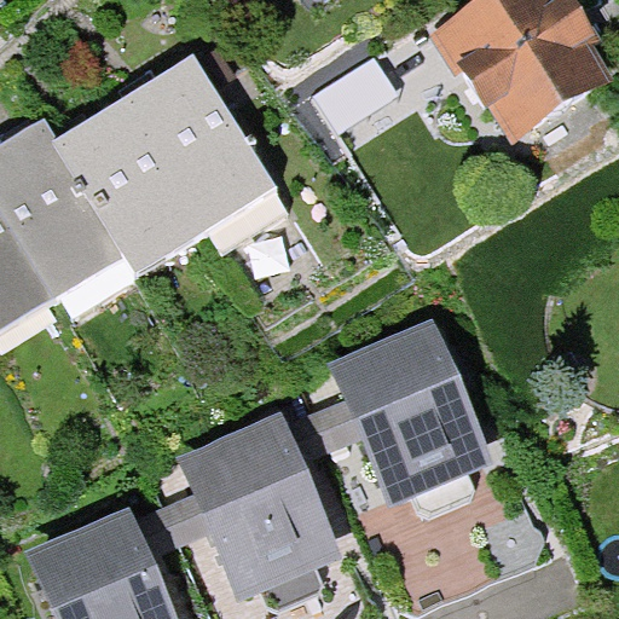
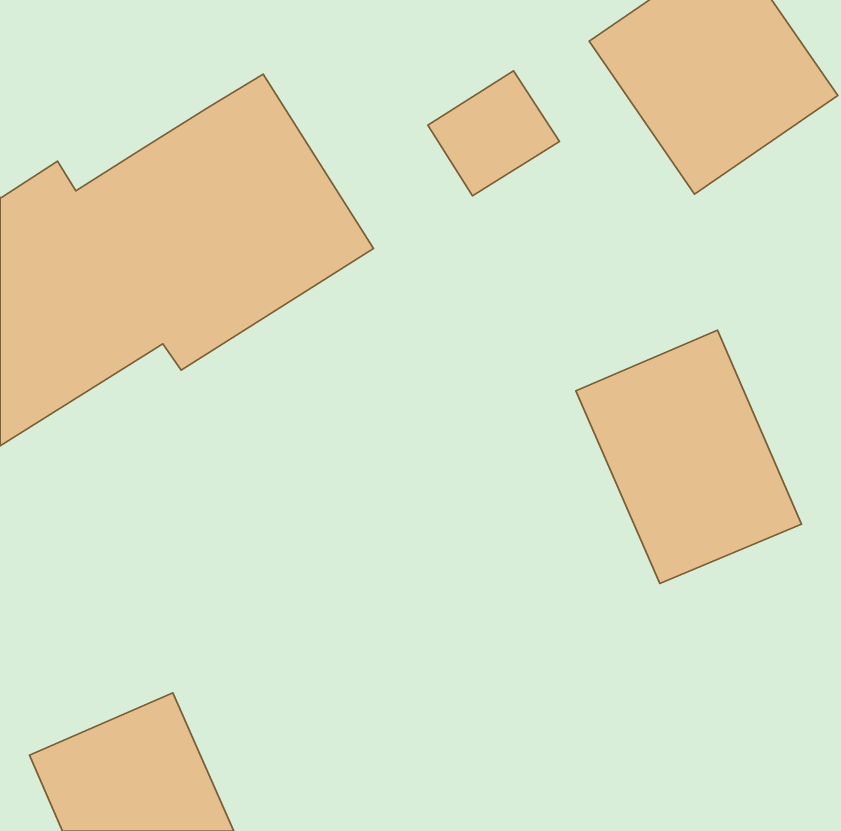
building: [325,322,491,508] -> [576,330,801,583]
building: [175,413,341,602] -> none

